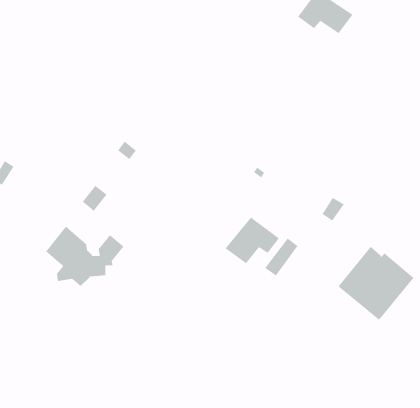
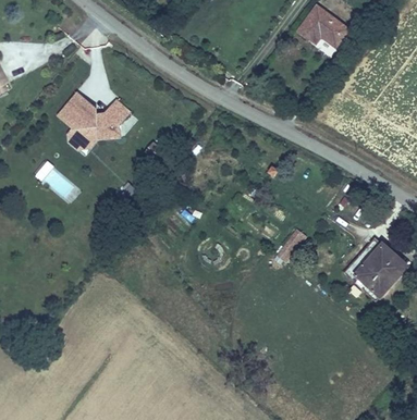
building: [225,217,280,264] -> none
building: [45,226,125,287] -> [58,91,128,146]

